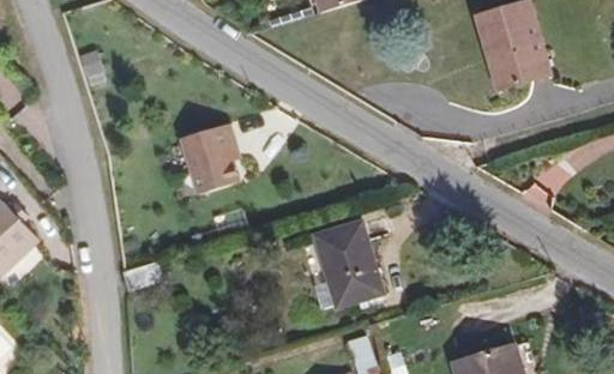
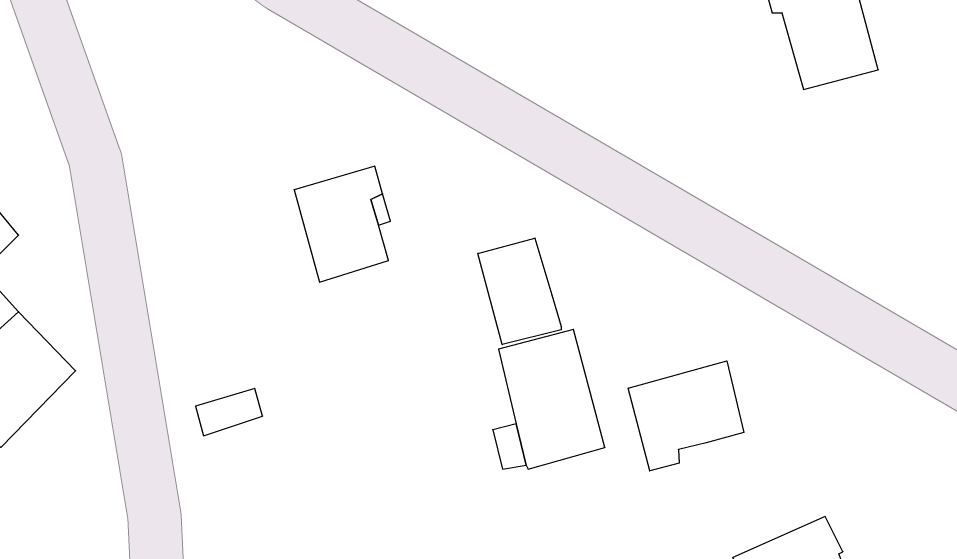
building: none -> [478,238,561,345]
building: none -> [628,361,744,471]

